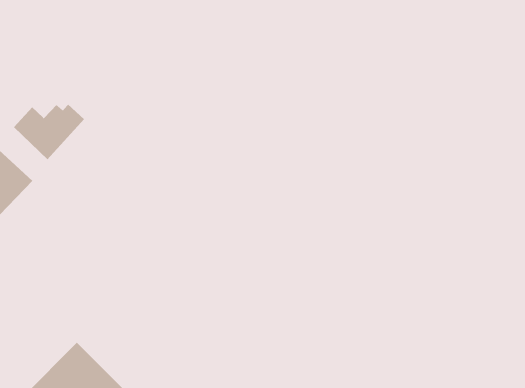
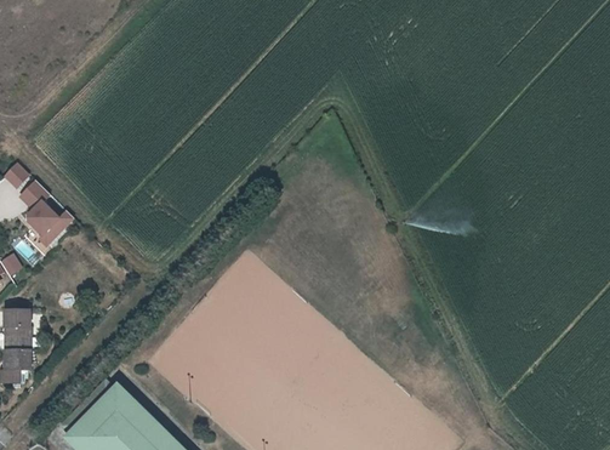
building: [13,104,85,160] -> none

